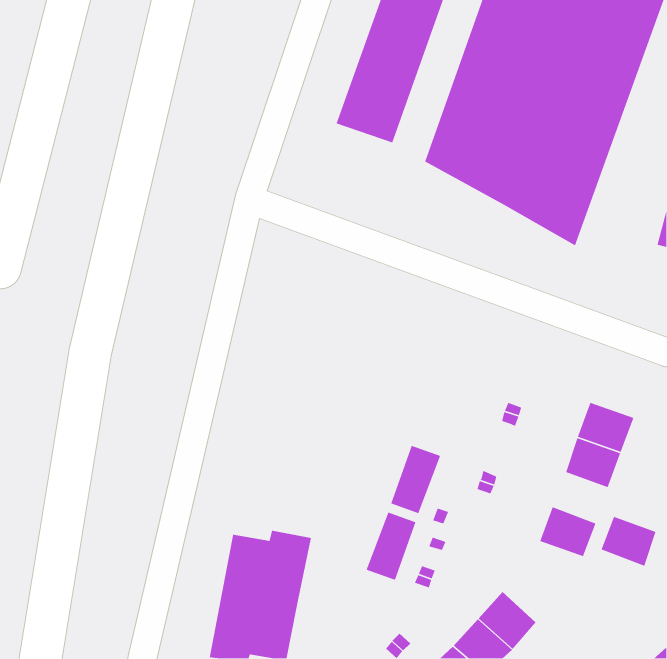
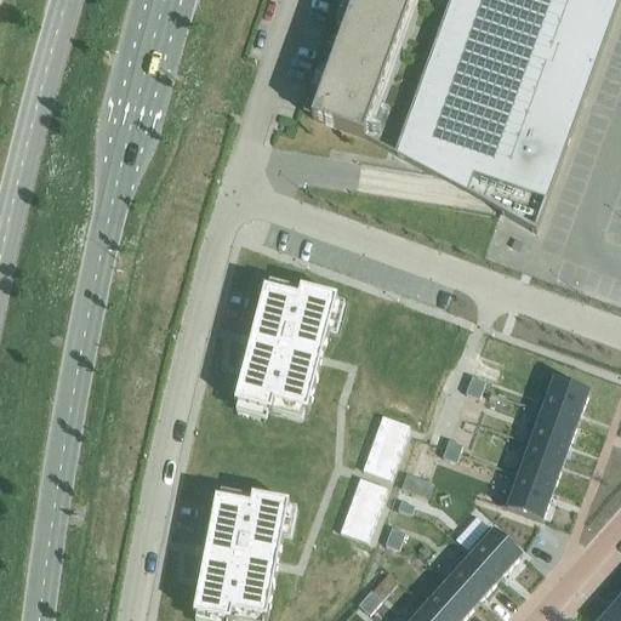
building: none -> [235,285,337,410]
building: [600,516,657,567] -> [513,439,565,486]
building: none -> [467,523,522,579]

